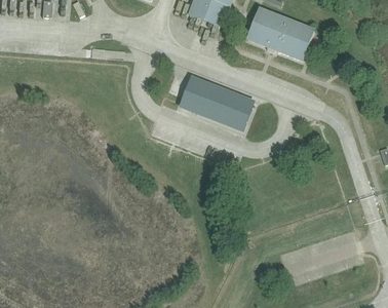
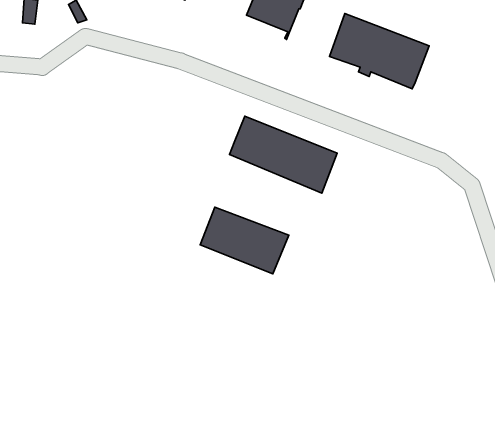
building: none -> [200,207,289,274]

